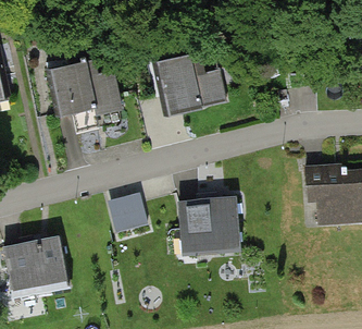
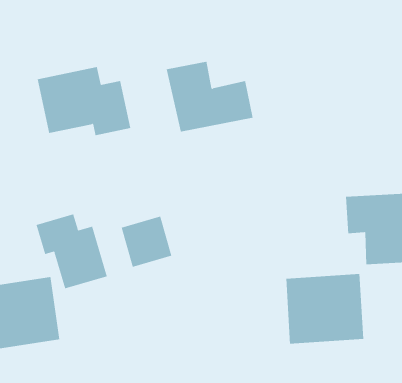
building: none -> [36,214,107,289]
building: [175,195,241,255] -> [285,273,364,344]

